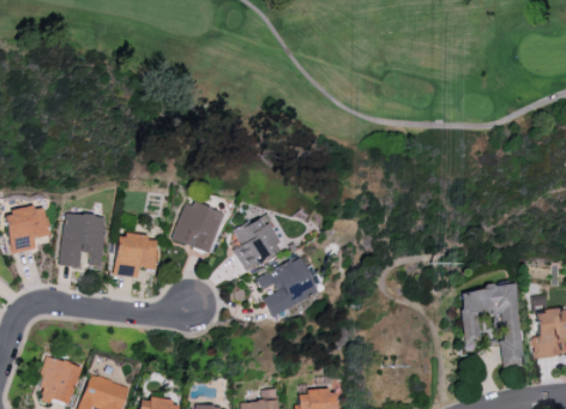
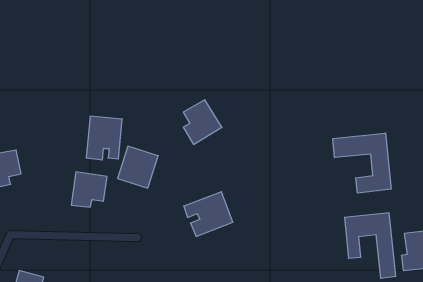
building: none -> [333,133,391,193]
building: [60,212,106,267] -> [86,116,122,160]
building: [233,215,282,271] -> [183,100,222,144]

